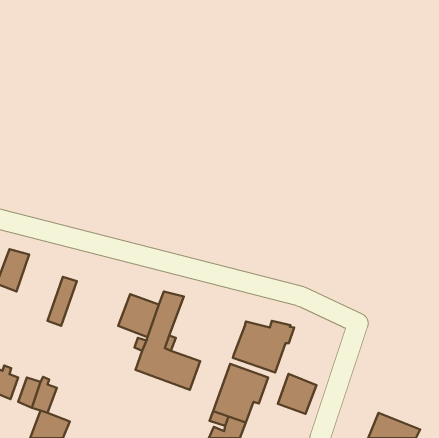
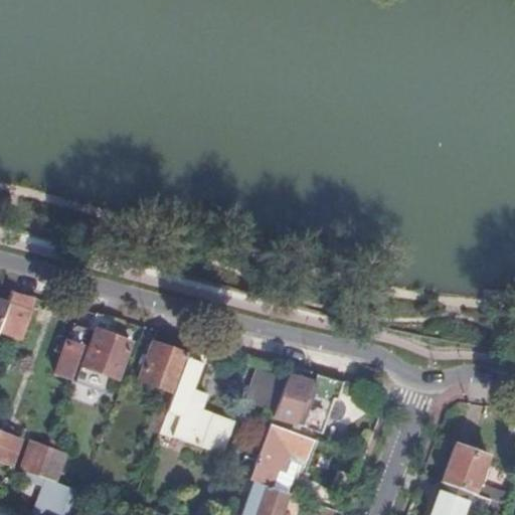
building: none -> [81,314,130,378]
building: none -> [244,370,286,413]
building: [278,374,316,414] -> none
building: none -> [442,444,507,505]

